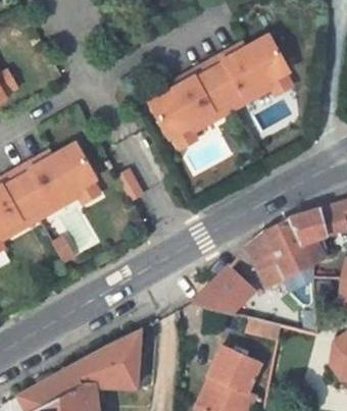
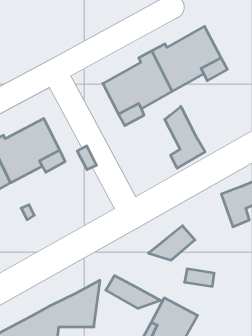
building: none -> [165,106,205,168]
building: [261,229,300,278] -> none
building: none -> [106,276,161,308]

